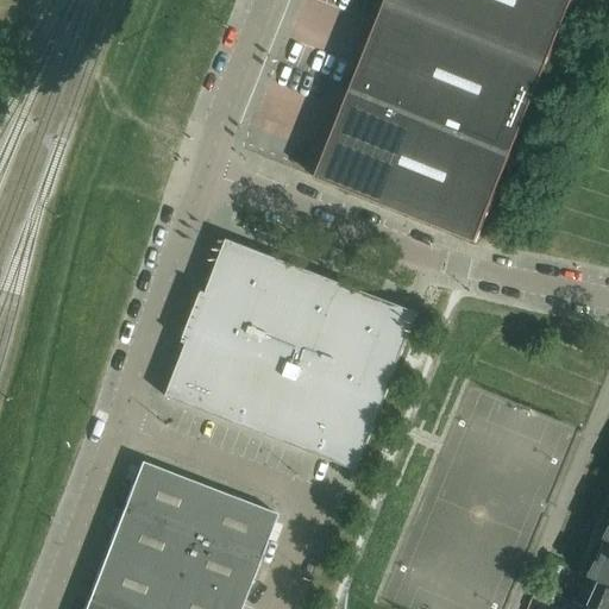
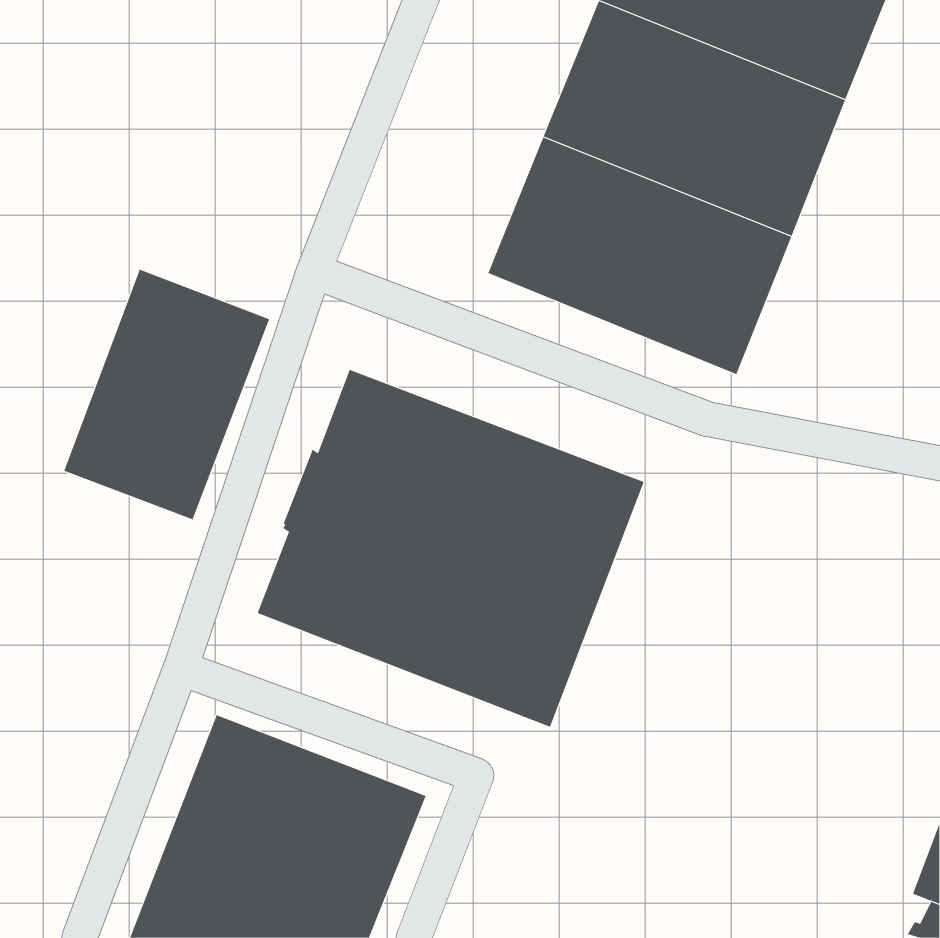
building: none -> [64,269,270,520]

